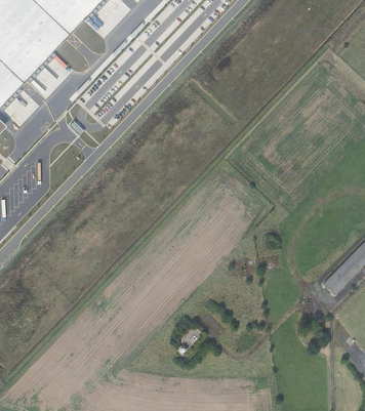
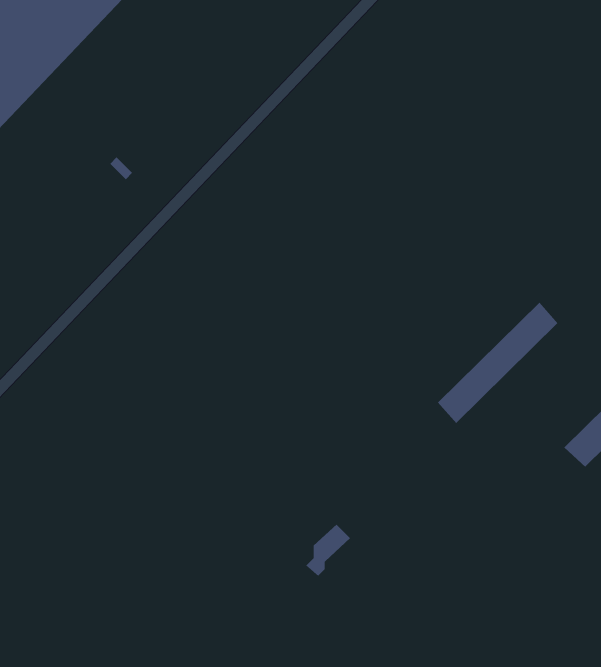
building: none -> [437,302,558,424]

